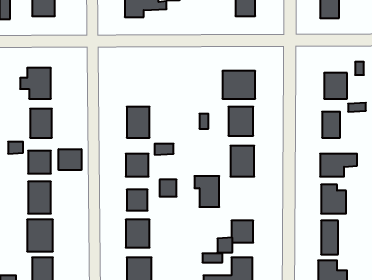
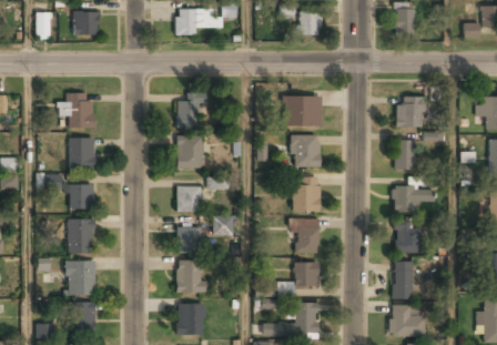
building: none -> [178,93,202,129]
building: [59,149,81,170] -> none
building: [194,176,219,207] -> [291,220,318,254]

